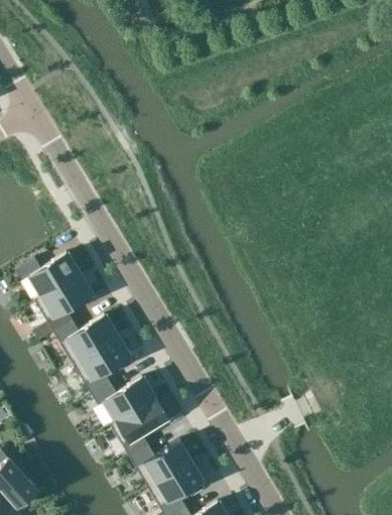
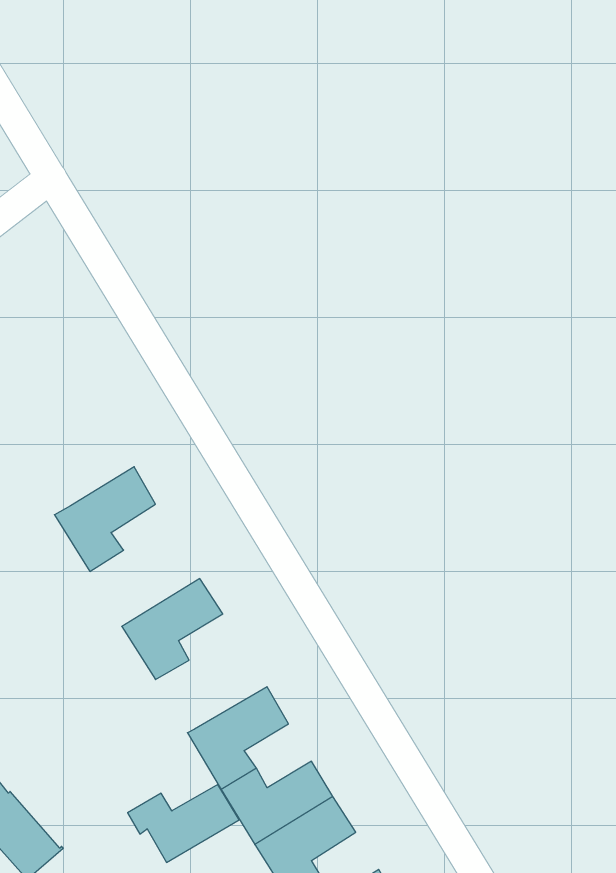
building: [16,254,80,295] -> none
building: [54,315,117,364] -> none
building: [92,378,155,422] -> [128,784,239,862]

